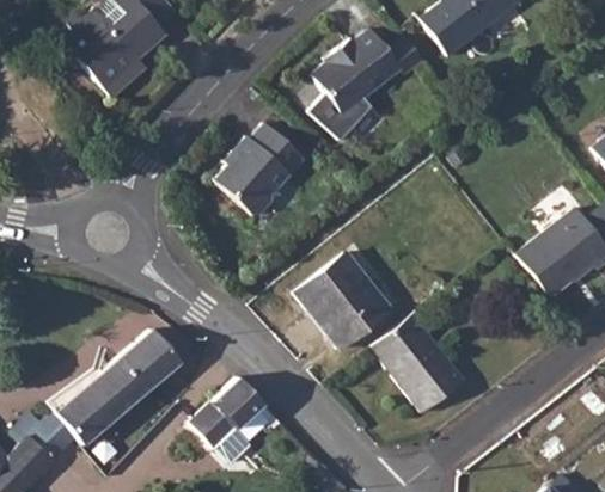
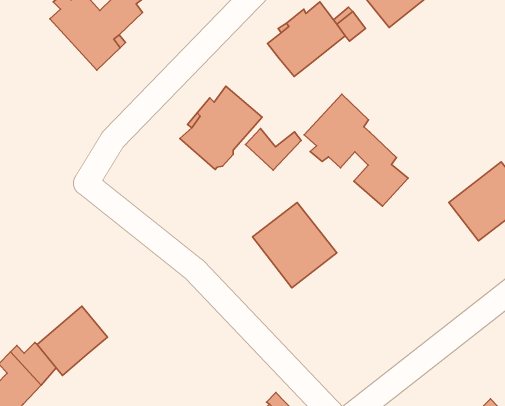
building: [308,91,371,137] -> [246,129,301,170]
building: none -> [304,94,408,206]
building: [371,308,464,411] -> none
building: [104,328,179,402] -> none
building: [189,376,287,462] -> none

